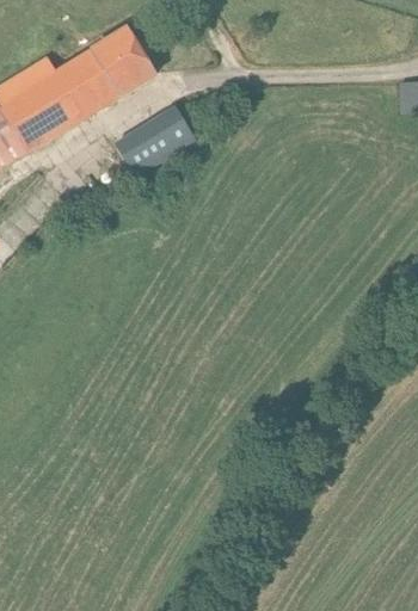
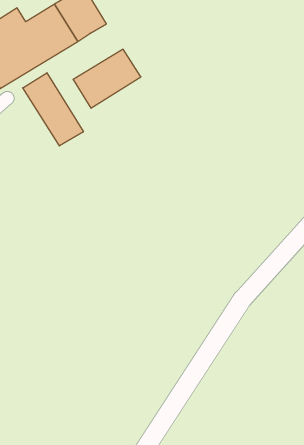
building: none -> [23,73,83,146]

